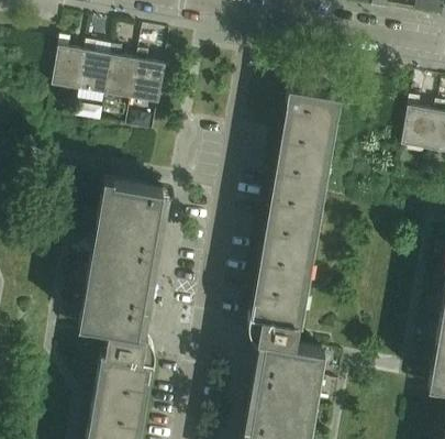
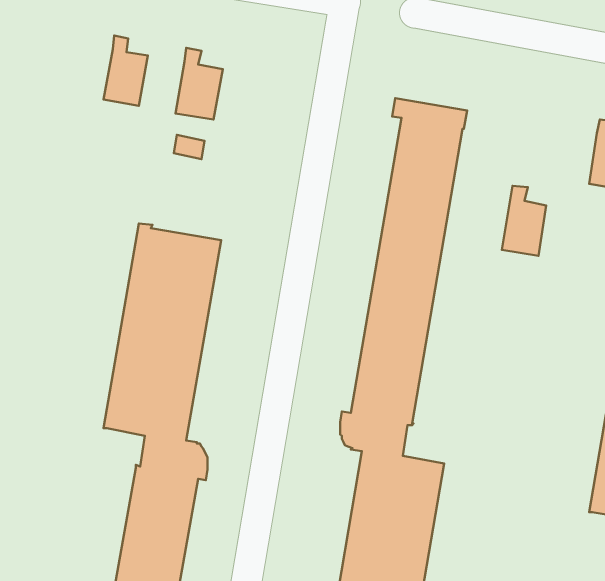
building: [53,39,86,89] -> none
building: [104,47,137,99] -> none
building: [402,99,434,150] -> [502,186,546,256]

